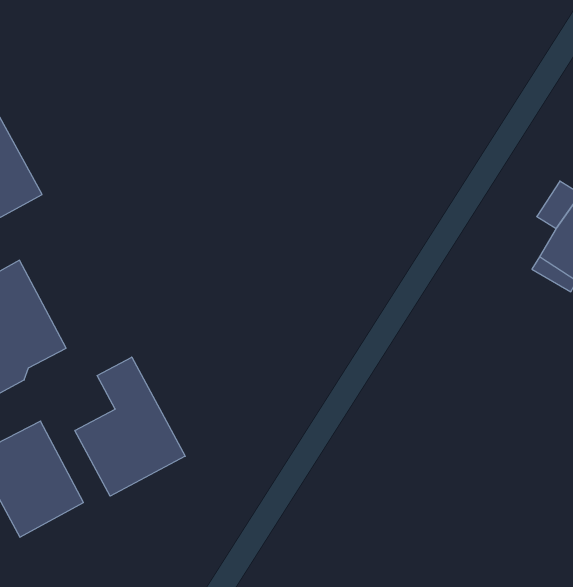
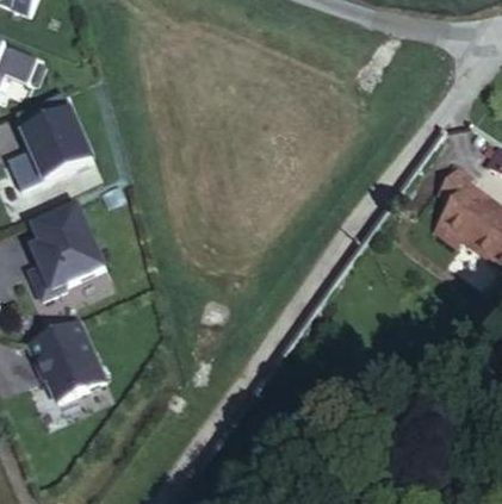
building: [75,357,185,496] -> none

